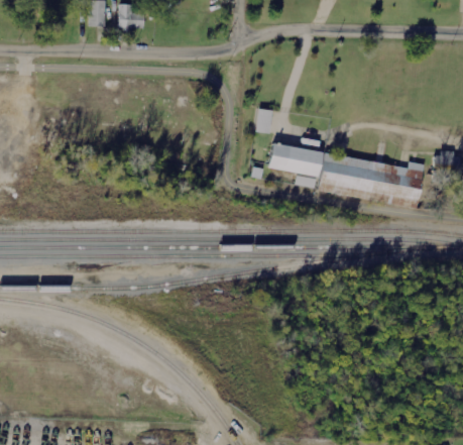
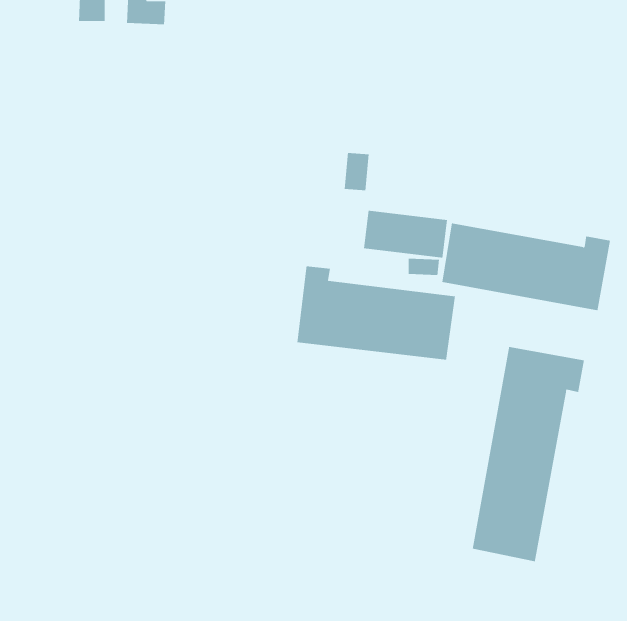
building: none -> [297,265,455,361]
building: none -> [472,346,584,562]

